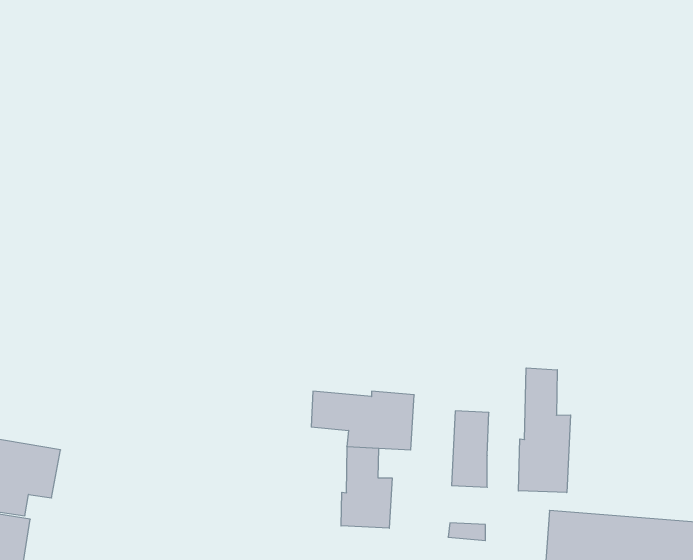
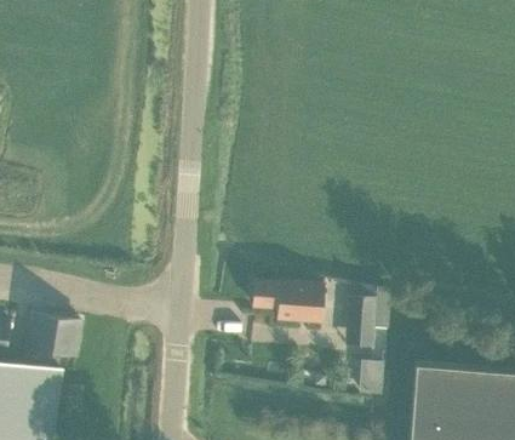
building: [518,368,571,493] -> none
building: [341,446,392,528] -> none

